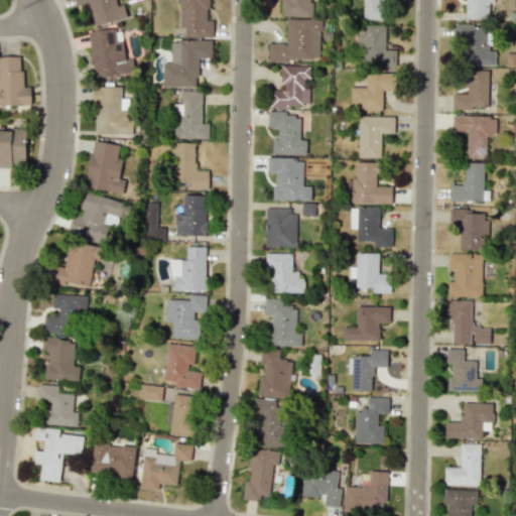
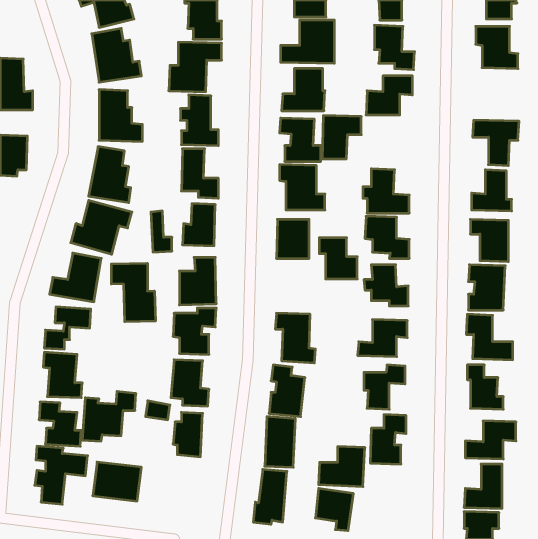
building: [454,70,490,109] -> none
building: [358,116,395,157] -> [322,116,361,159]
building: none -> [111,263,155,322]
building: [266,253,302,292] -> [319,238,357,279]
building: [141,442,192,490] -> [82,391,136,441]
building: [344,472,388,510] -> [319,447,365,487]

